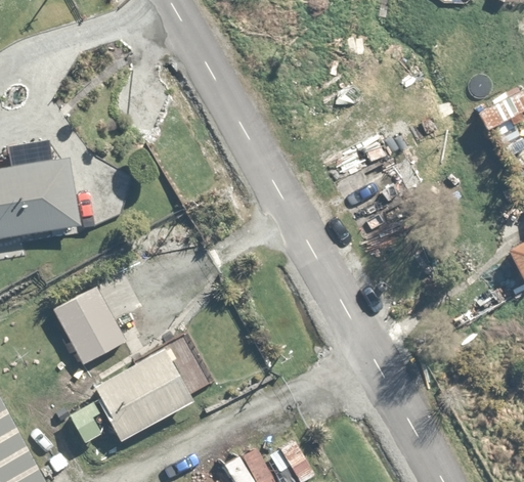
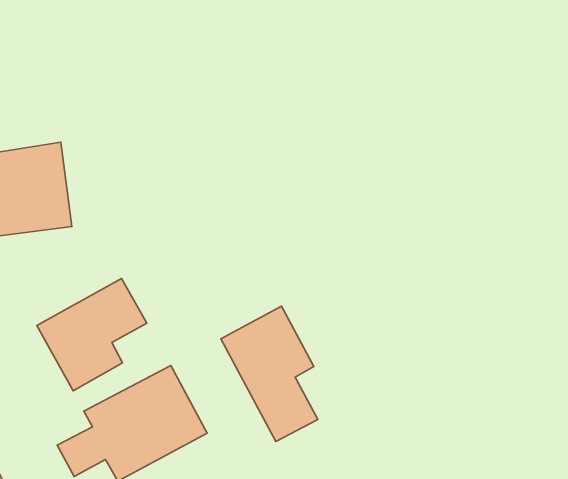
building: none -> [221,306,318,441]

